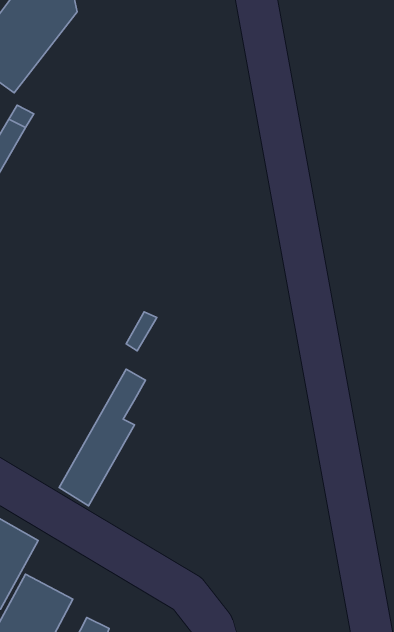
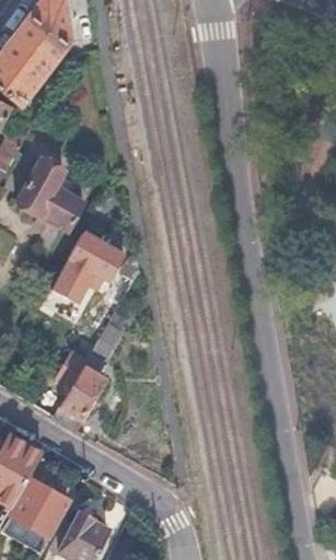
building: none -> [18,159,82,232]
building: none -> [55,232,123,287]

